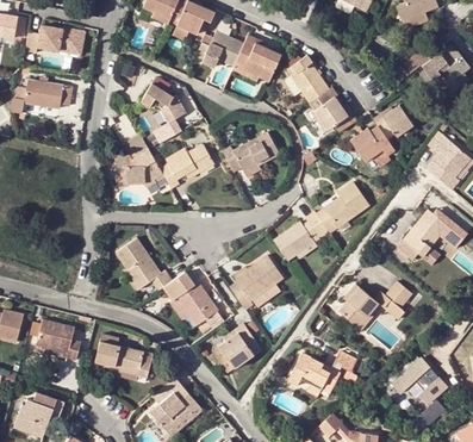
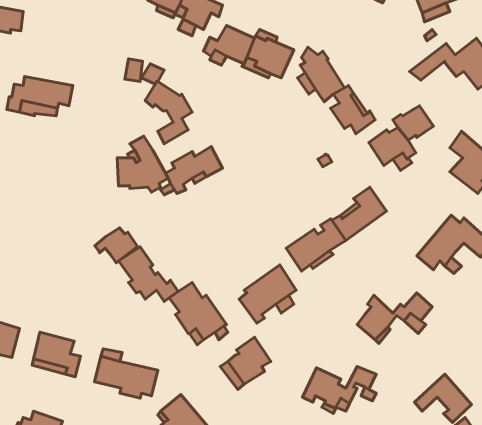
building: [24,24,85,52] -> none
building: [222,133,279,174] -> none
building: none -> [95,228,138,263]

